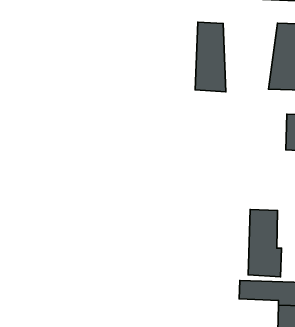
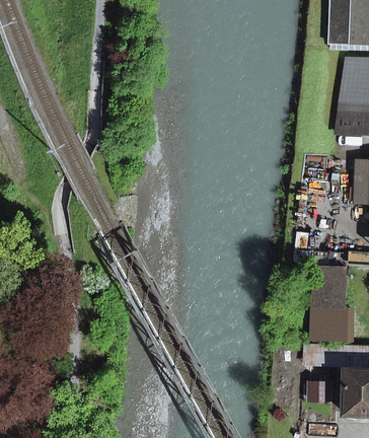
building: [195,22,226,92] -> none

